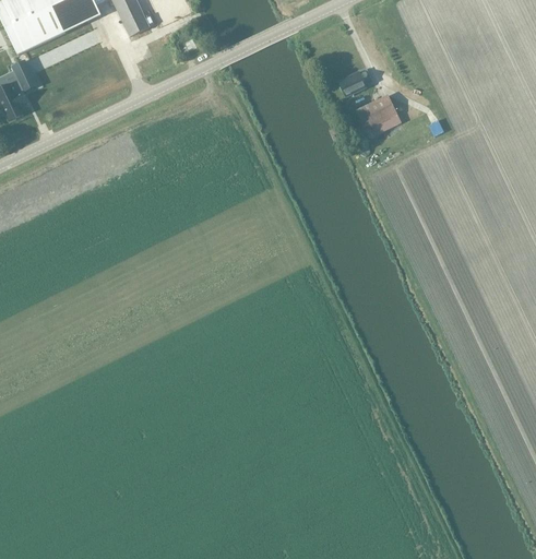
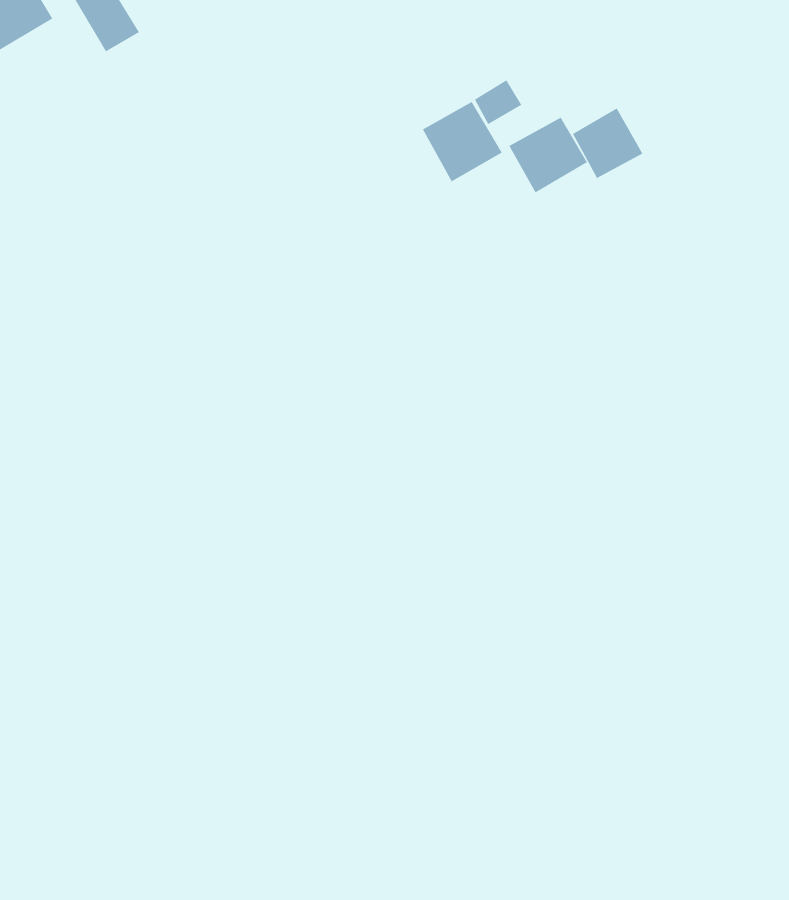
building: none -> [422,101,502,182]
building: none -> [572,107,643,179]

